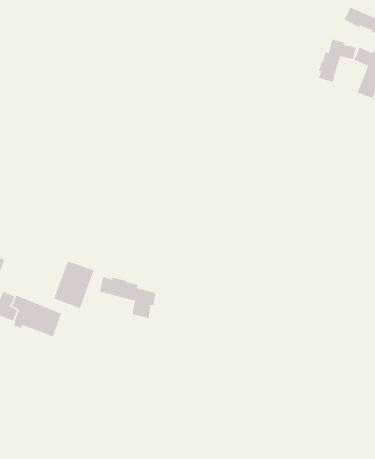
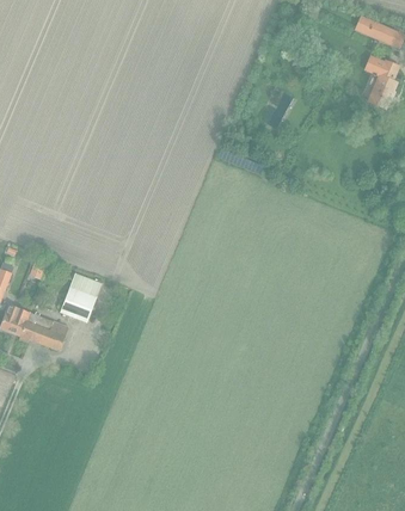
building: [318,39,356,83] -> none
building: [100,276,156,319] -> none

